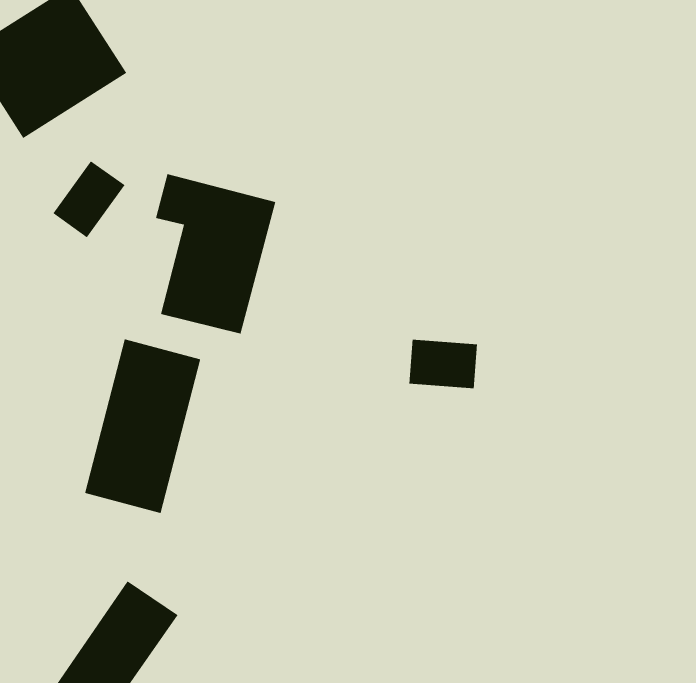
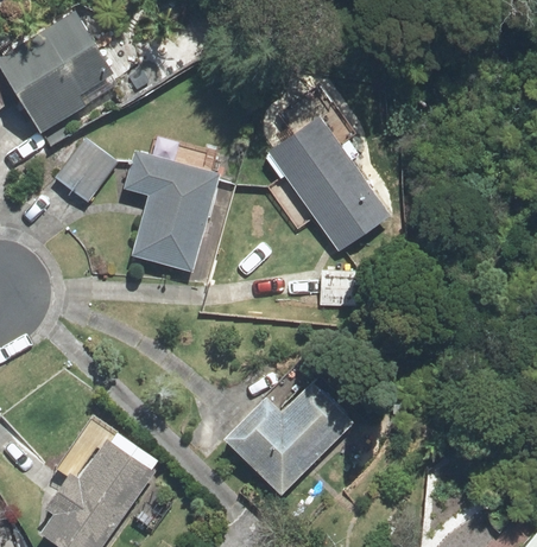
building: none -> [276,120,383,243]
building: [85,338,201,514] -> none
building: none -> [234,382,349,486]

